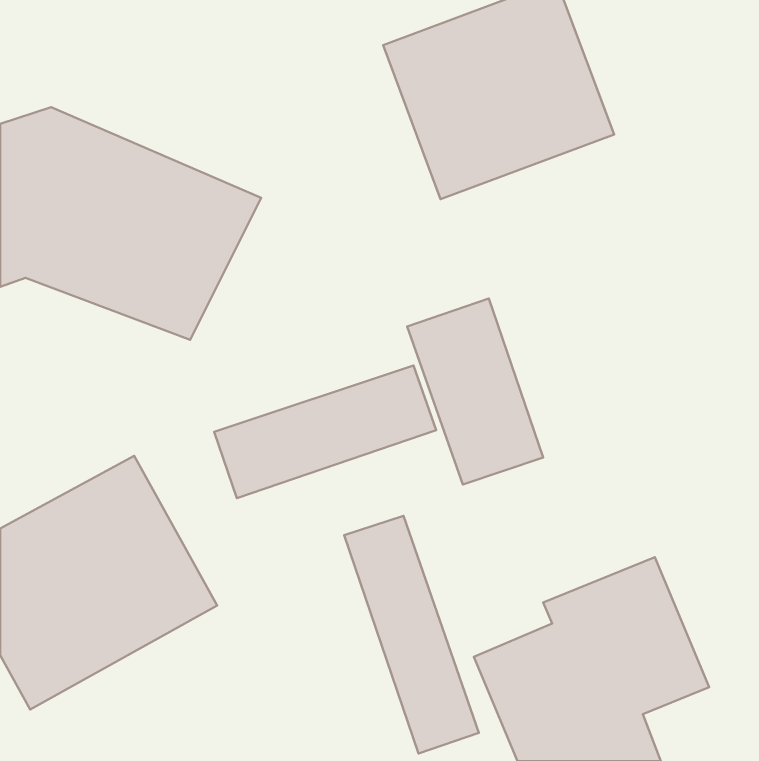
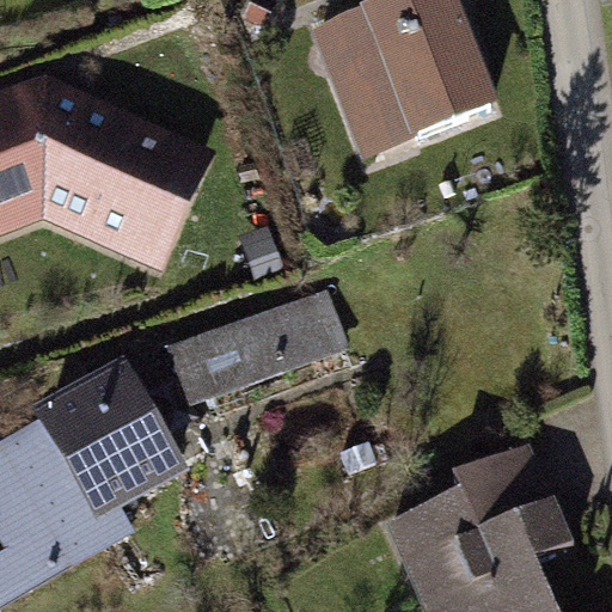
building: [407,299,543,484] -> none
building: [344,516,479,753] -> none

